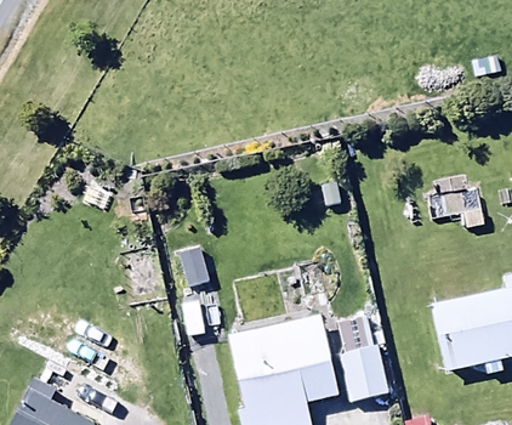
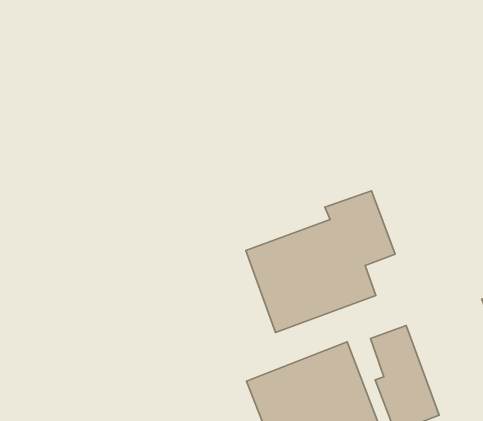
building: none -> [246,191,395,332]

